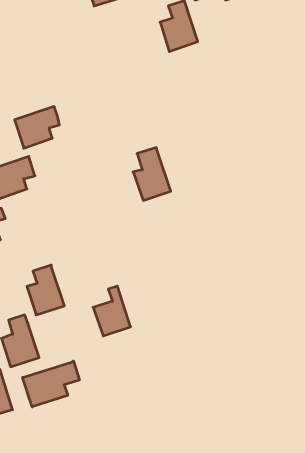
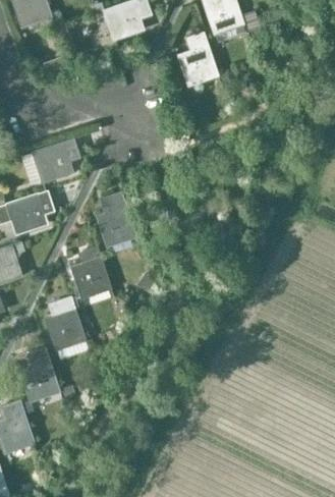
building: [133,148,171,200] -> [98,192,135,245]
building: [93,286,131,336] -> [72,247,110,297]
building: [23,361,79,407] -> none

